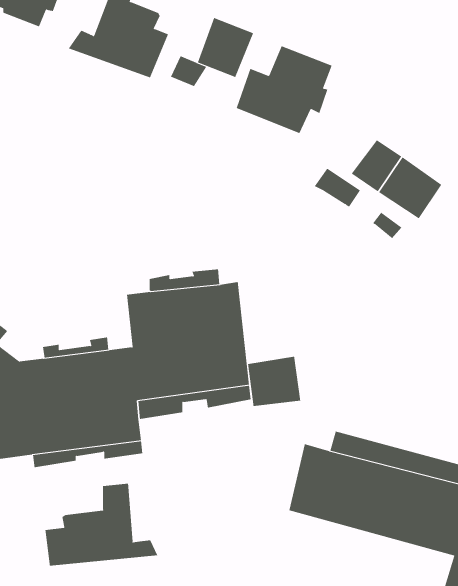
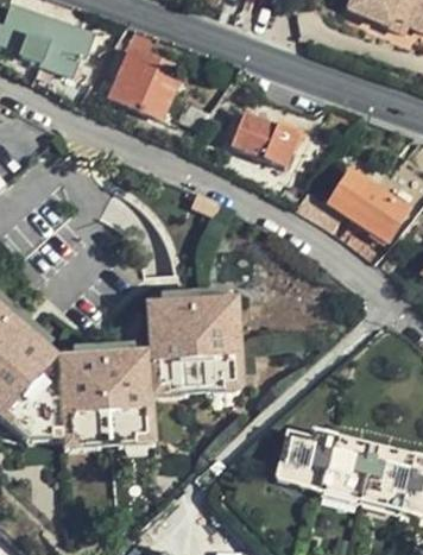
building: [197,17,254,78] -> none
building: [248,356,301,407] -> none
building: [45,483,158,566] -> none

